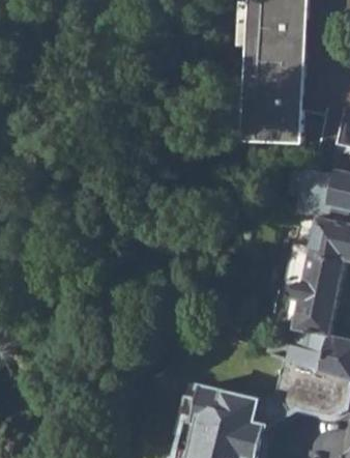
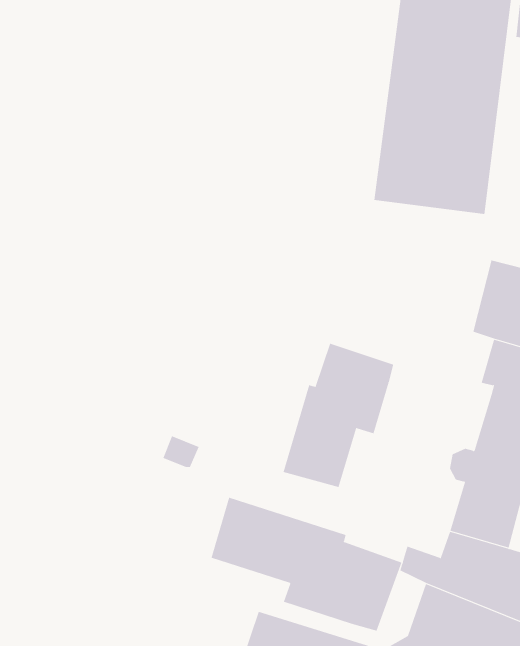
building: none -> [283,343,394,488]
building: none -> [211,497,402,631]

